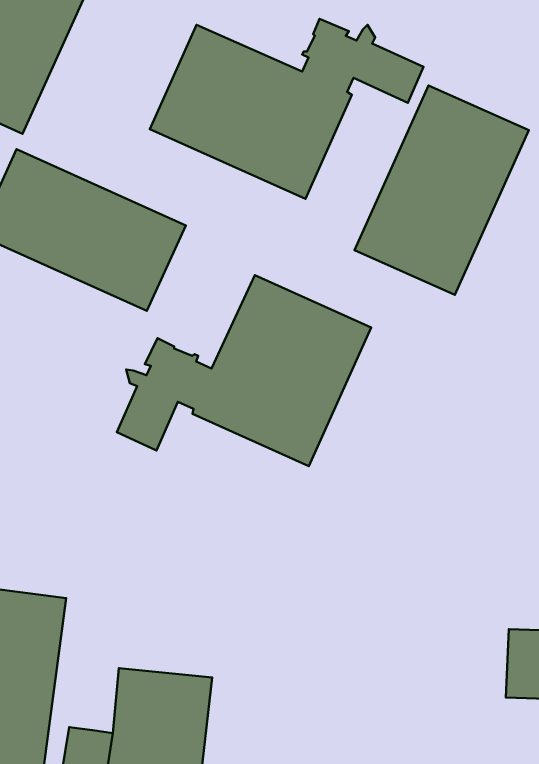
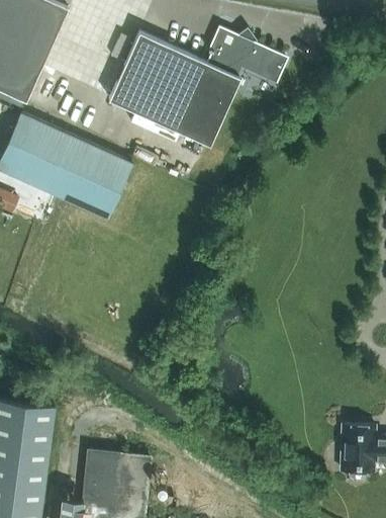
building: [354,85,529,295] -> none
building: [117,275,371,466] -> none

